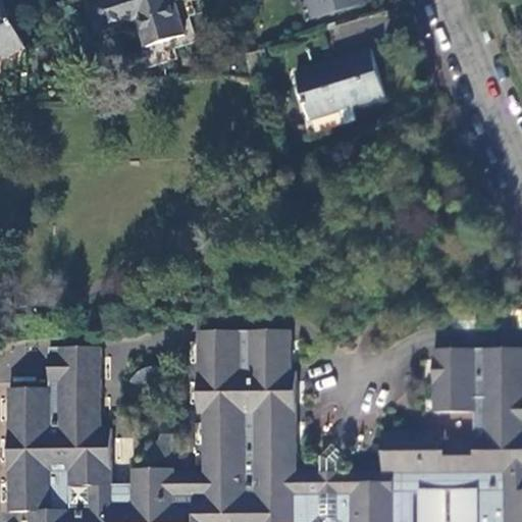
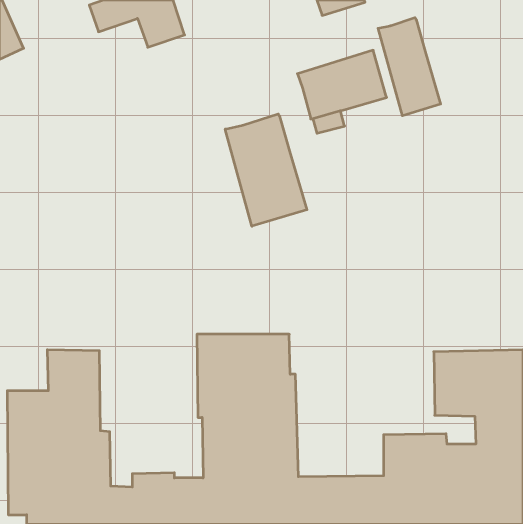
building: none -> [378,18,441,116]
building: none -> [225,114,307,226]

